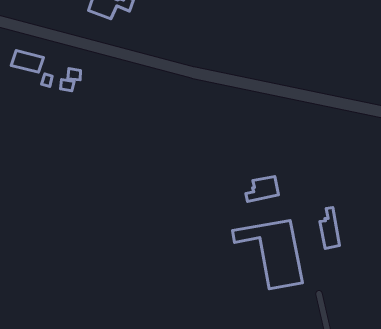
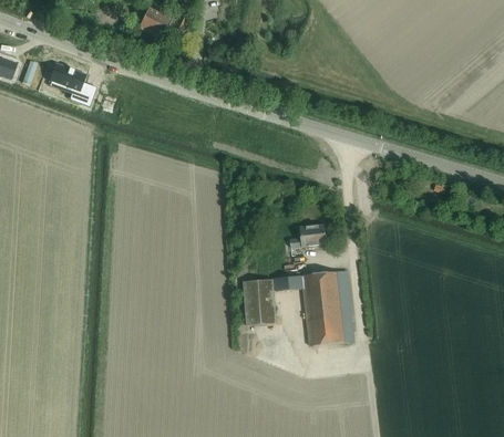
building: [320,207,339,248] -> none
building: none -> [243,279,275,325]

